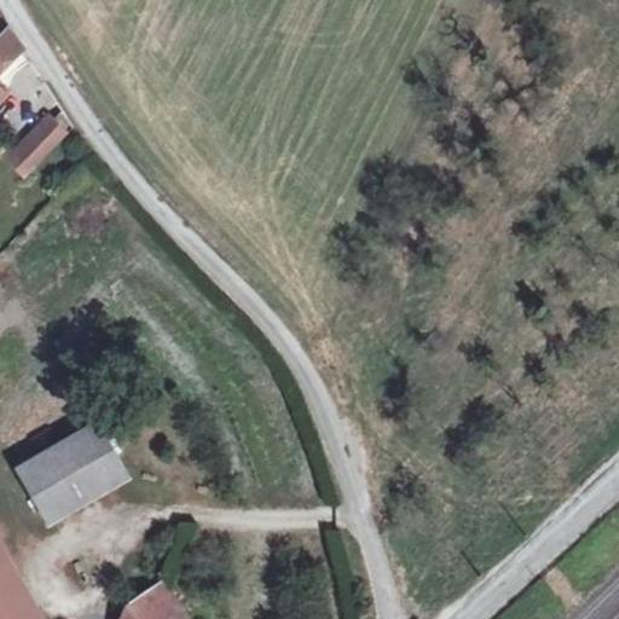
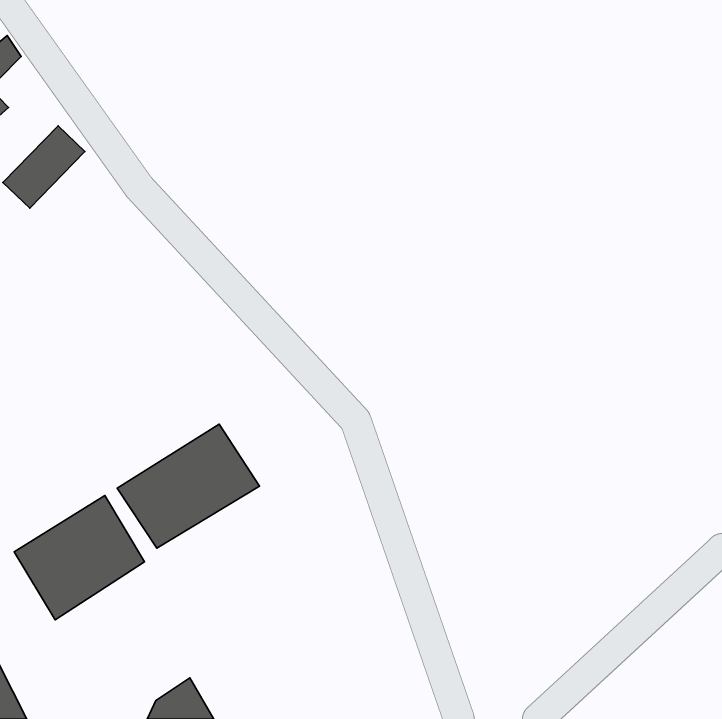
building: none -> [117,424,259,548]

